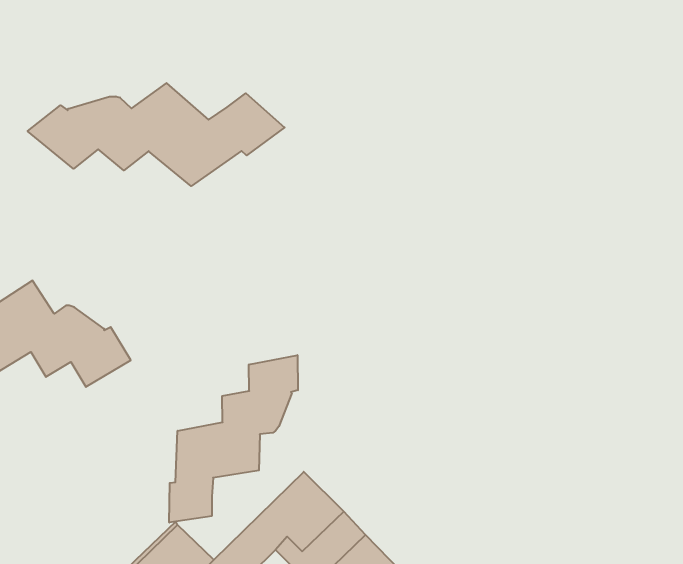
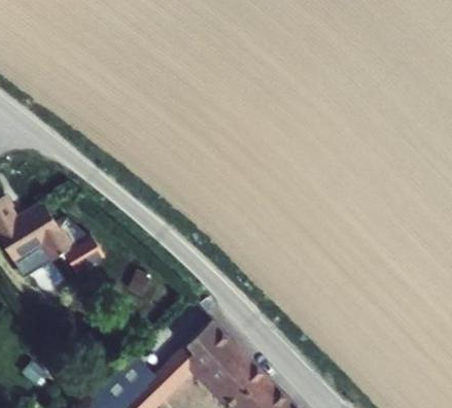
building: [28,83,285,186] -> none
building: [169,355,298,523] -> none

